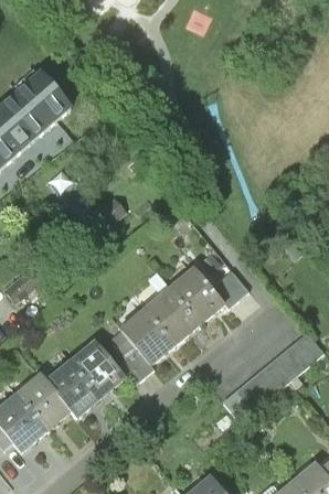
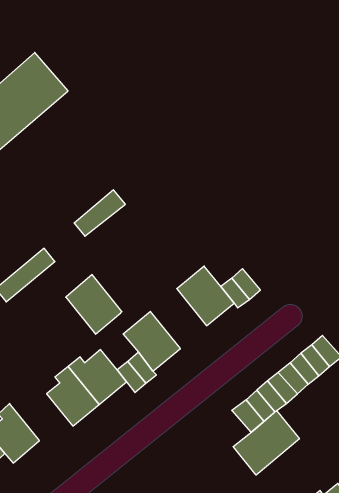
building: [148,288,200,343] -> [66,275,122,334]
building: [18,378,71,428] -> none
building: none -> [233,411,299,475]

